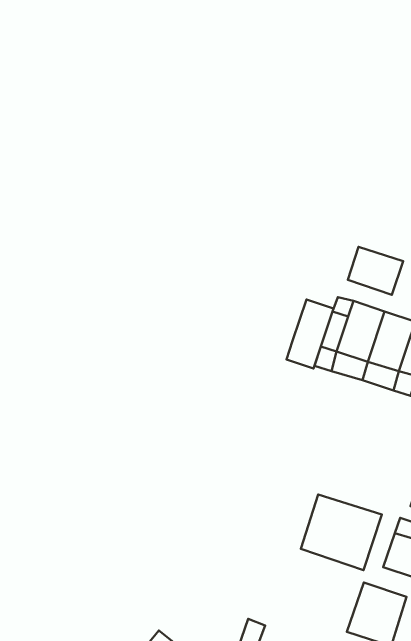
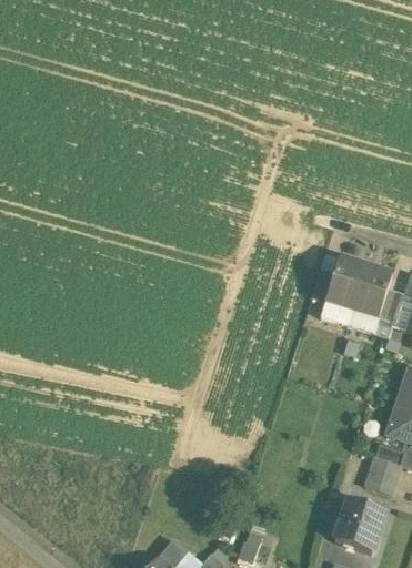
building: [348,247,403,295] -> none
building: [286,299,334,369] -> none
building: [301,494,382,570] -> none

